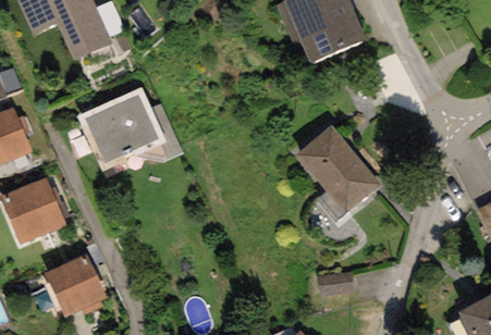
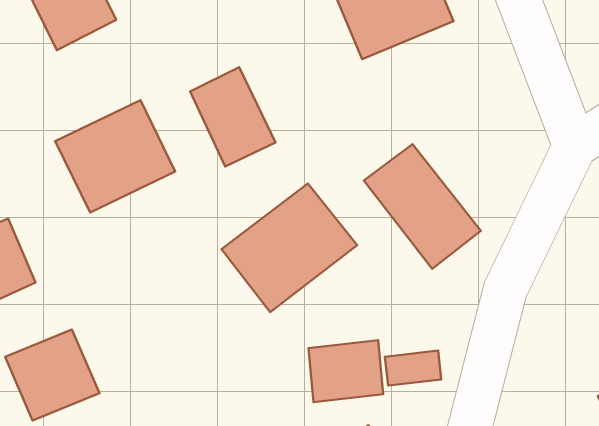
building: none -> [190,67,275,167]
building: none -> [221,183,357,312]
building: none -> [308,340,383,402]

